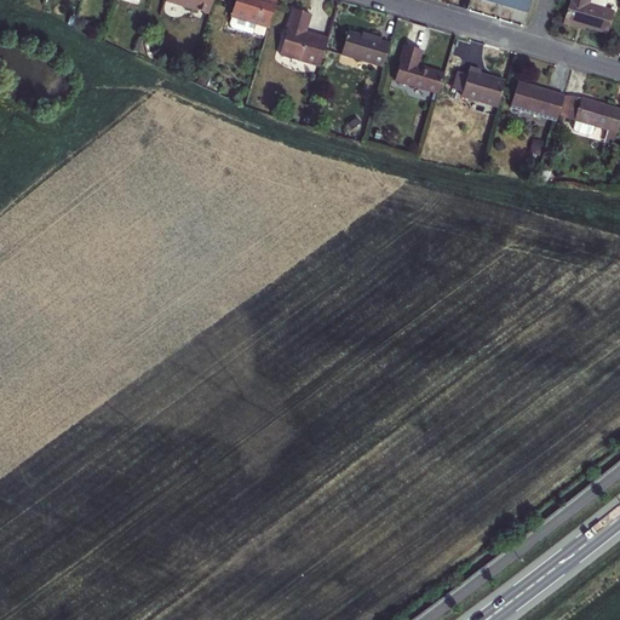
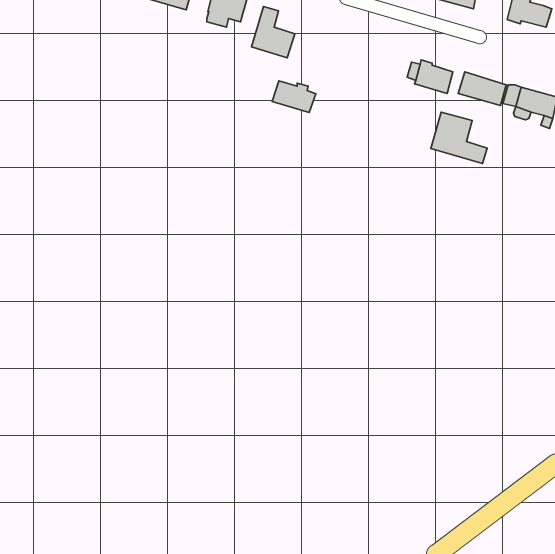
building: [341,30,390,65] -> [272,81,316,112]
building: [395,46,444,92] -> none
building: none -> [431,112,487,163]

